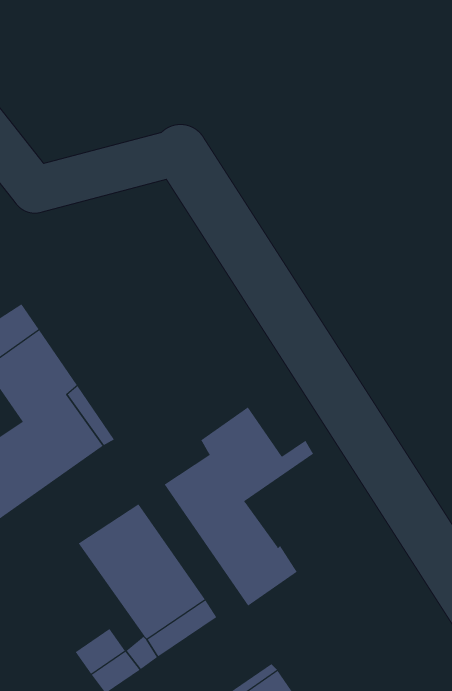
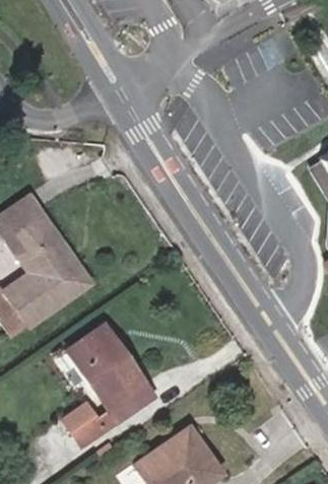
building: [164,406,314,607] -> none

